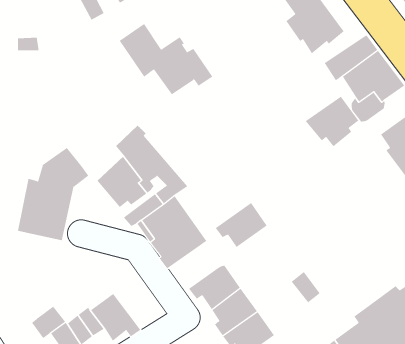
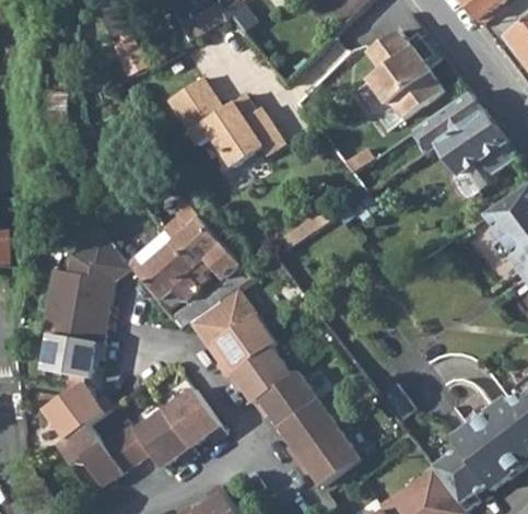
building: [305,96,359,147] -> none
building: [215,202,267,248] -> [226,349,291,405]
building: none -> [43,336,103,381]
building: none -> [46,385,110,441]
building: none -> [161,389,222,447]

